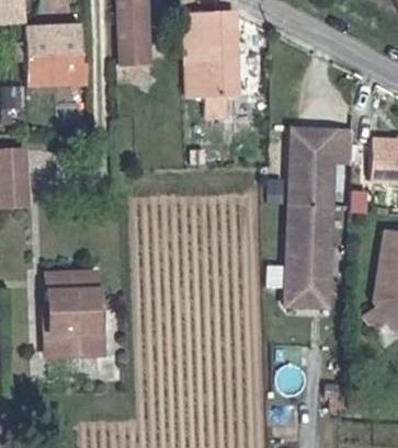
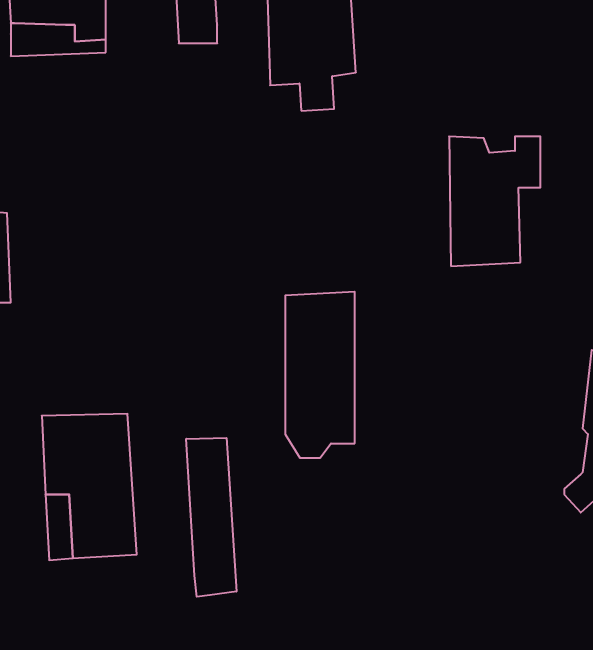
building: [292,196,333,296] -> [285,292,355,458]
building: none -> [186,438,236,597]

